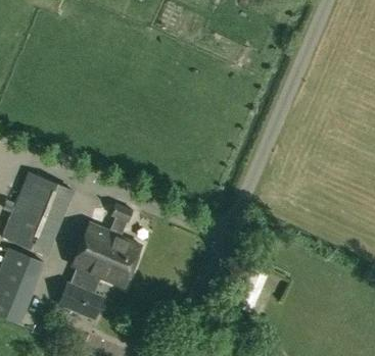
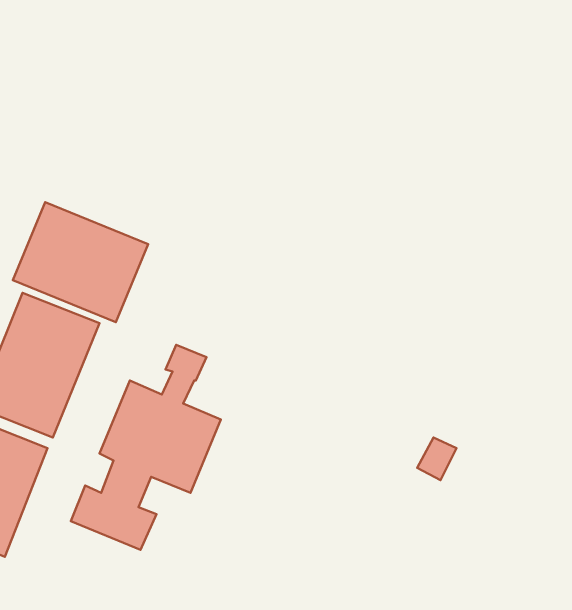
building: none -> [13,202,148,322]

